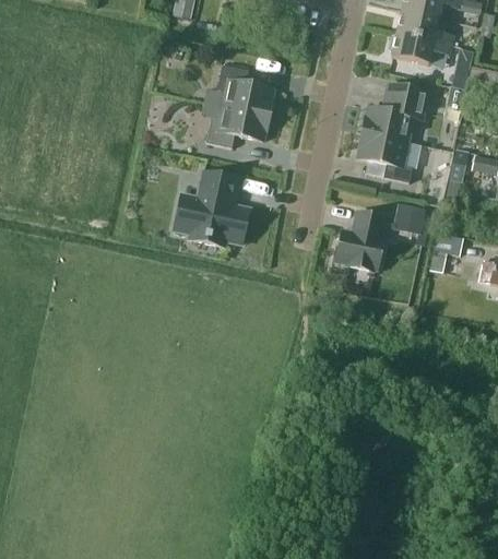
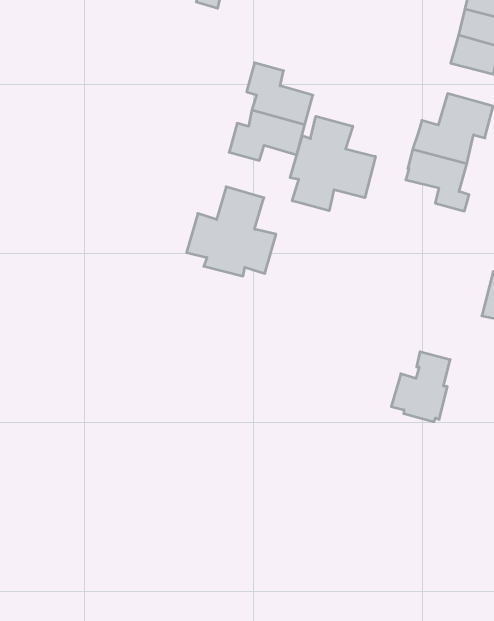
building: none -> [290,116,375,211]
building: [393,202,425,233] -> none
building: [336,211,384,270] -> [391,352,450,422]

